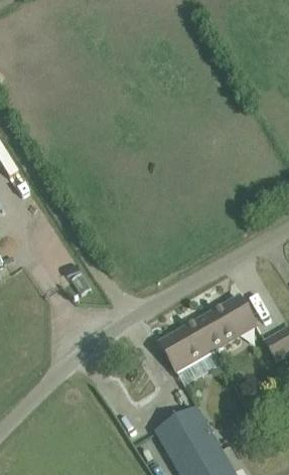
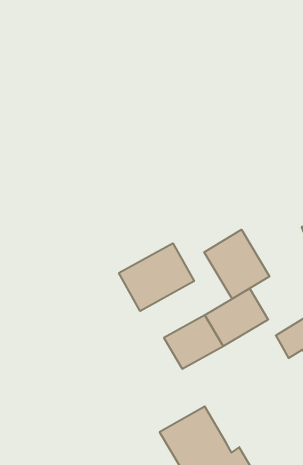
building: none -> [204,230,269,299]
building: none -> [119,243,194,311]

